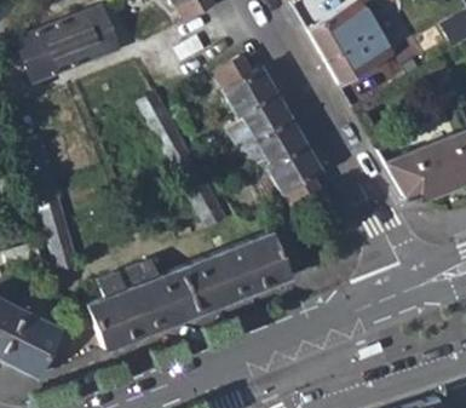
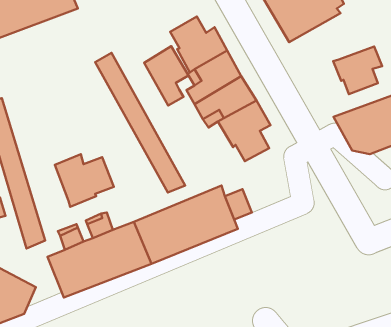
building: none -> [144,46,189,106]
building: none -> [333,46,382,94]
building: none -> [55,154,114,207]

